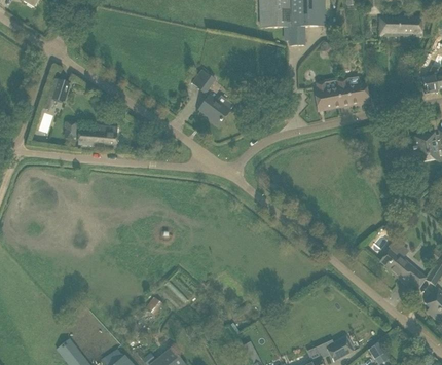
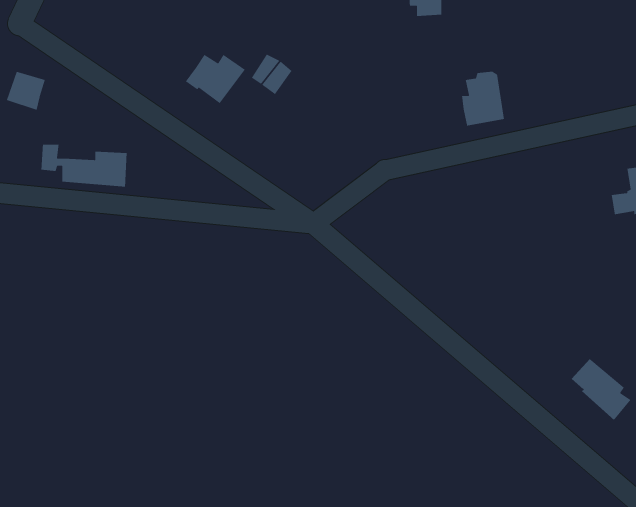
building: [336,76,369,107] -> none
building: [197,95,233,124] -> [185,54,246,104]

